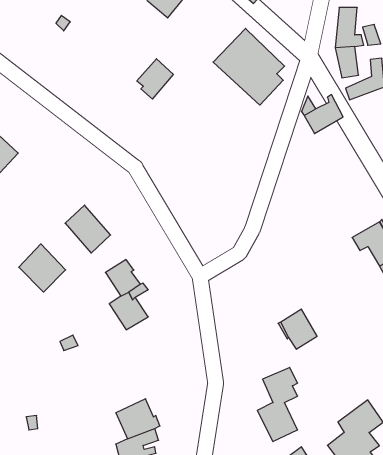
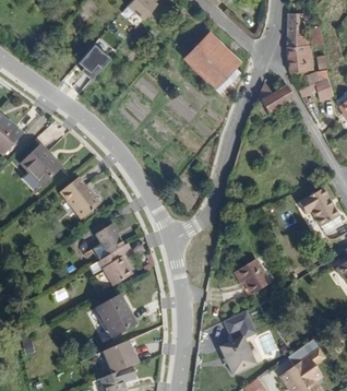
building: [137,59,173,99] -> [81,44,111,78]
building: [19,244,66,292] -> [20,145,59,186]
building: none -> [97,295,136,335]

